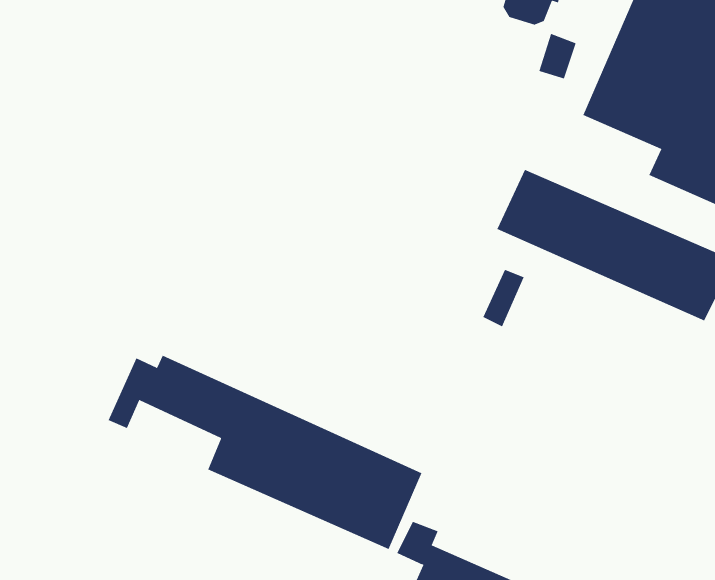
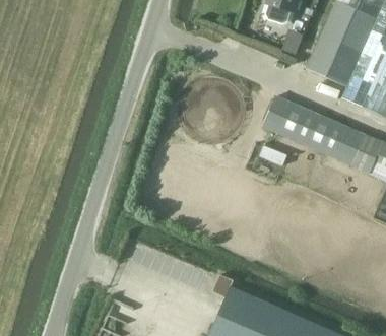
building: [108,355,422,550] -> none

